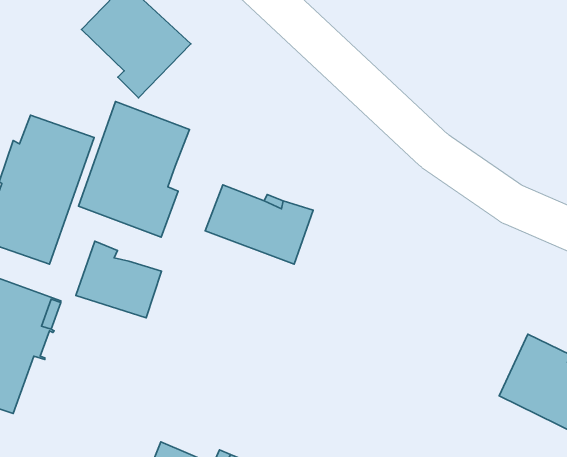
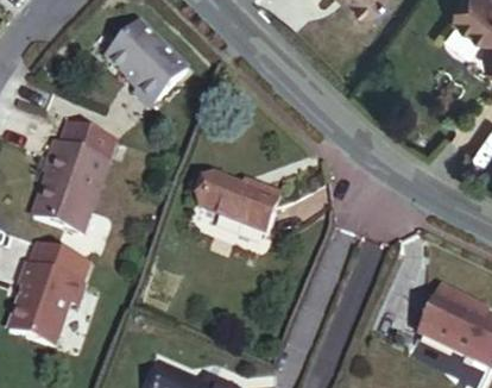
building: [79,102,190,237] -> none
building: [76,241,162,318] -> none

